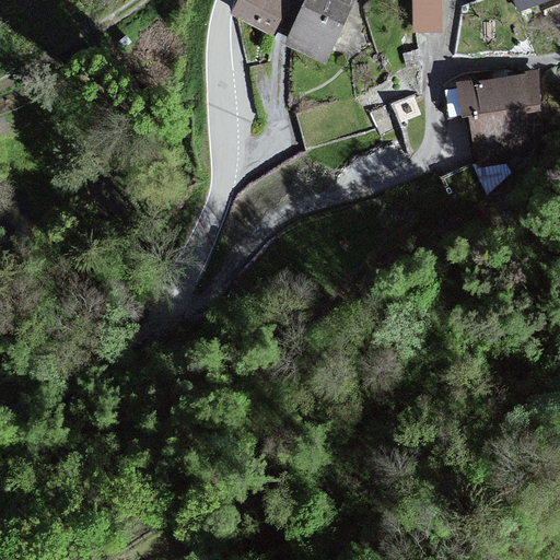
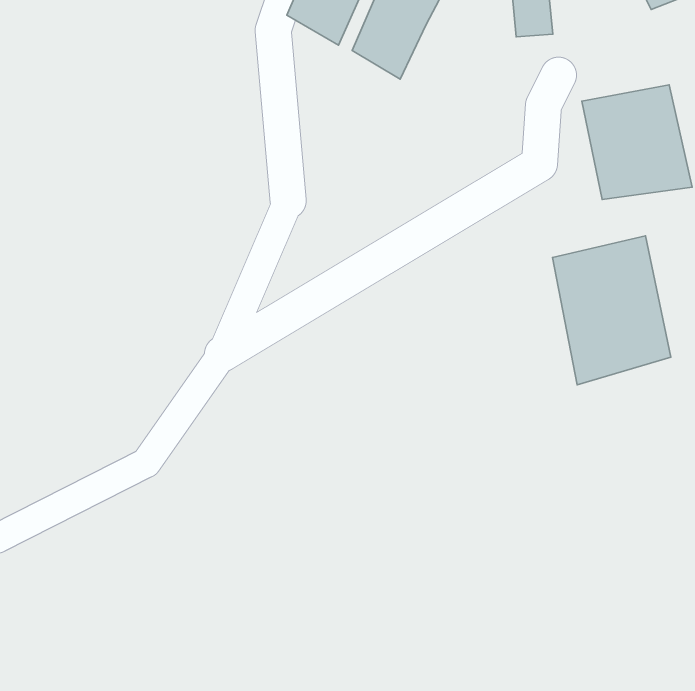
building: none -> [553,236,671,385]

